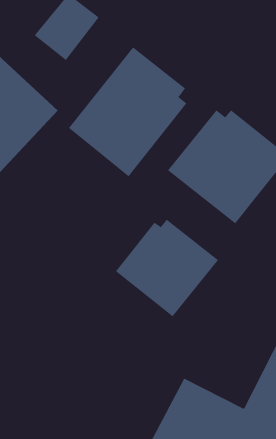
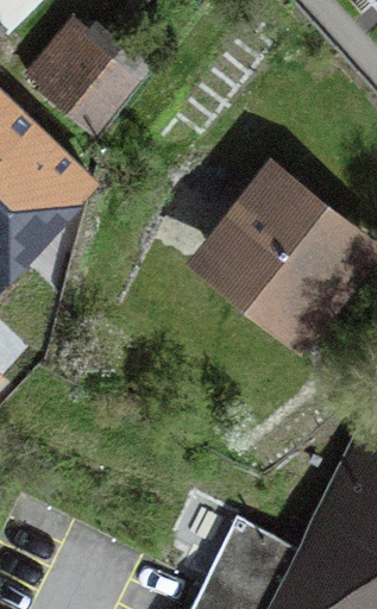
building: [68,46,187,177] -> none
building: [115,219,219,317] -> none

